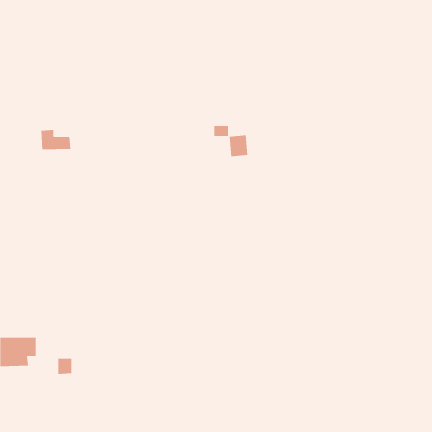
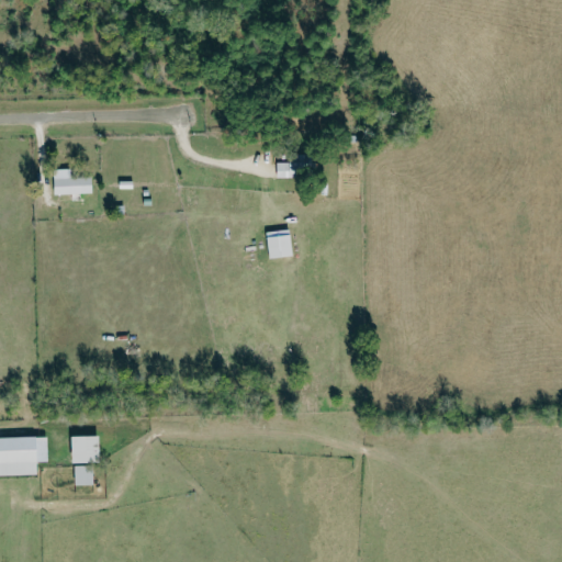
building: [229,135,248,157] -> [267,229,292,258]
building: none -> [71,436,100,463]

